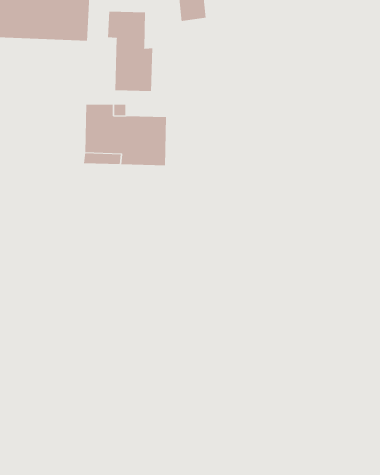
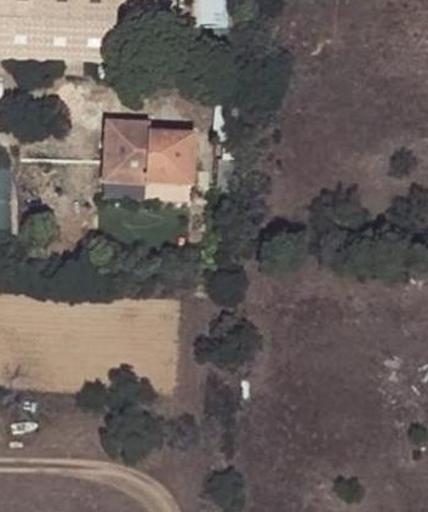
building: [108,11,153,92] -> none

